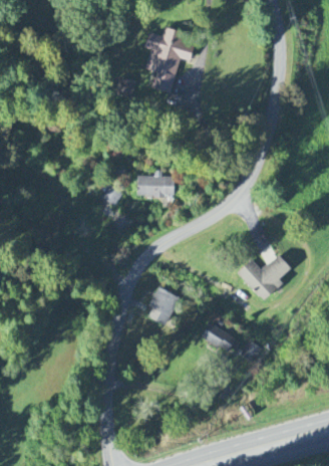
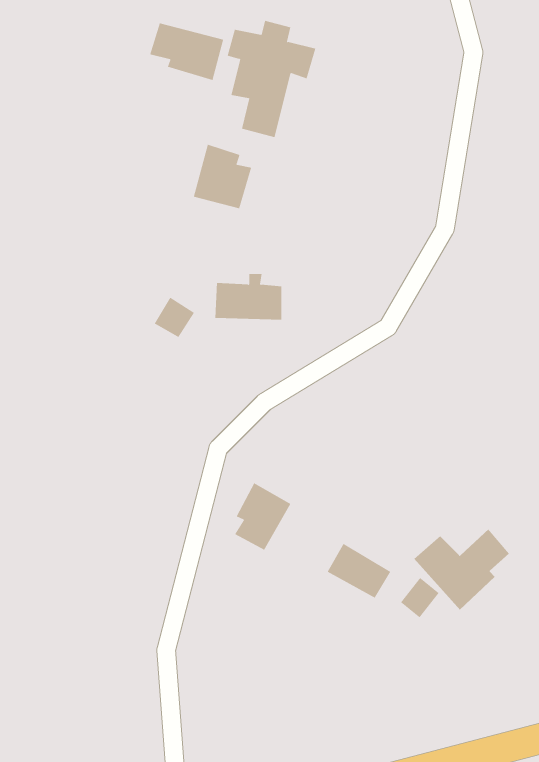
building: none -> [149,22,224,81]
building: none -> [193,144,252,209]
building: [236,255,290,301] -> [413,528,510,611]

